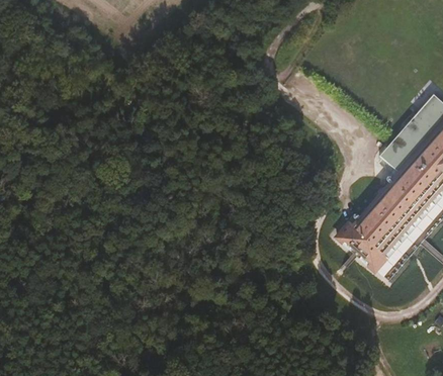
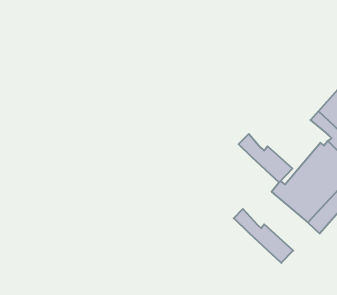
building: none -> [239,134,292,182]
building: none -> [234,209,293,263]

